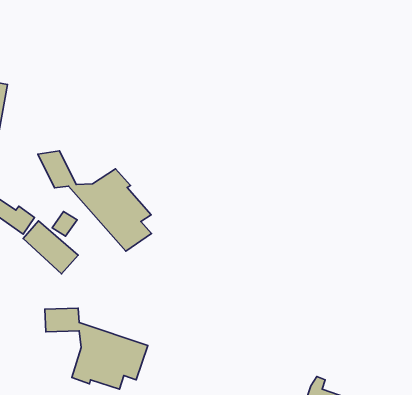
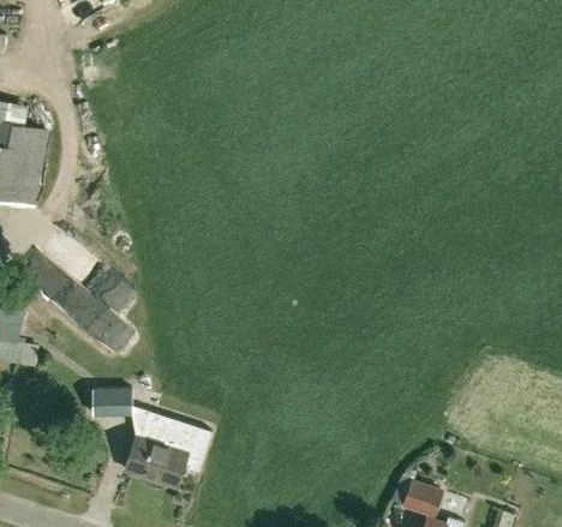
building: [38,151,151,251] -> none

